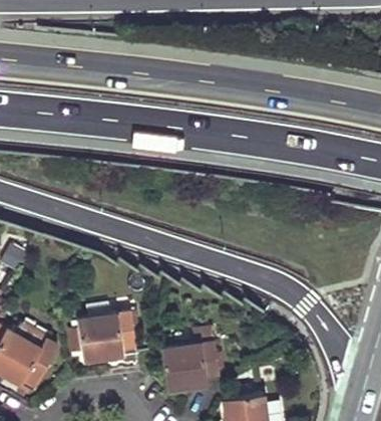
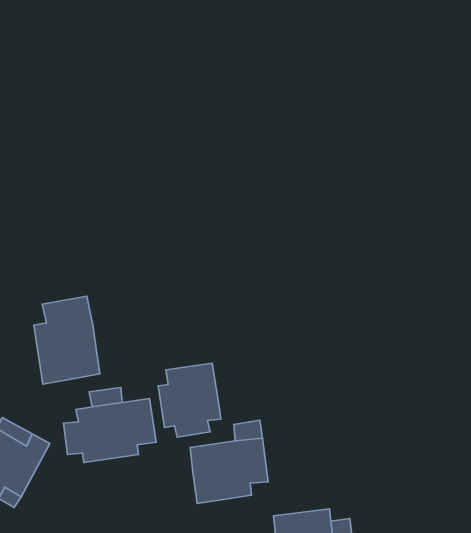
building: none -> [34,296,100,384]
building: none -> [158,363,221,437]

